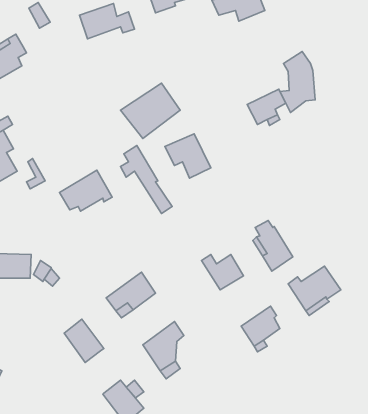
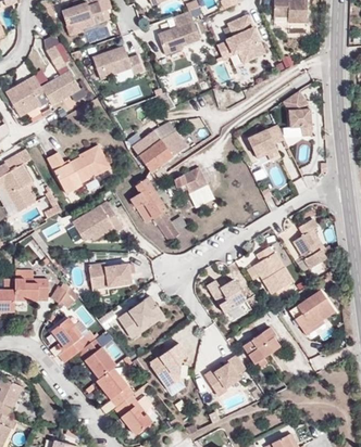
building: none -> [40,71,79,105]
building: none -> [46,144,110,194]
building: none -> [292,219,325,269]
building: none -> [89,263,132,288]
building: none -> [50,317,95,358]
building: none -> [204,354,249,396]
building: none -> [96,368,133,407]

